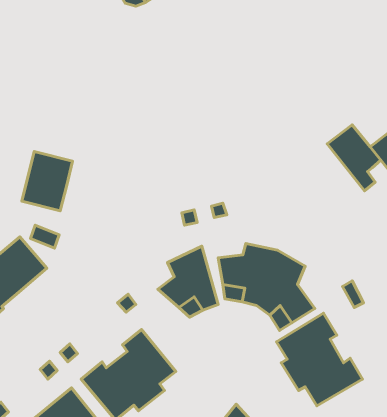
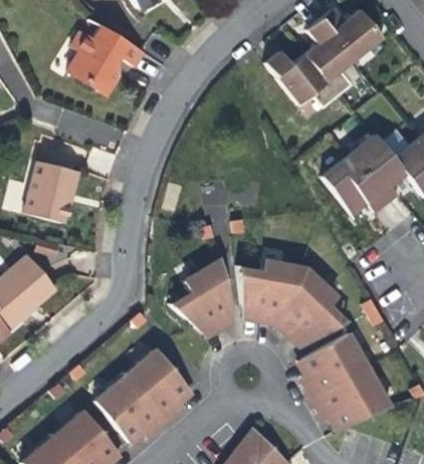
building: none -> [267,7,382,105]
building: none -> [70,25,148,97]
building: none -> [326,154,390,212]

